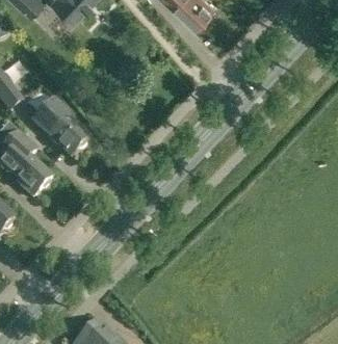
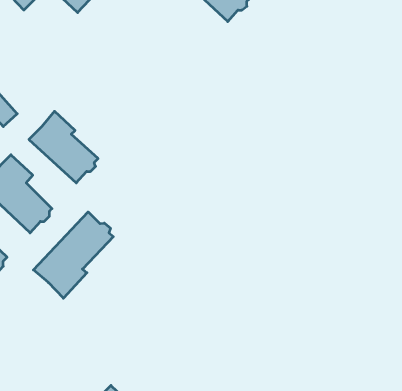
building: none -> [33,212,113,298]

